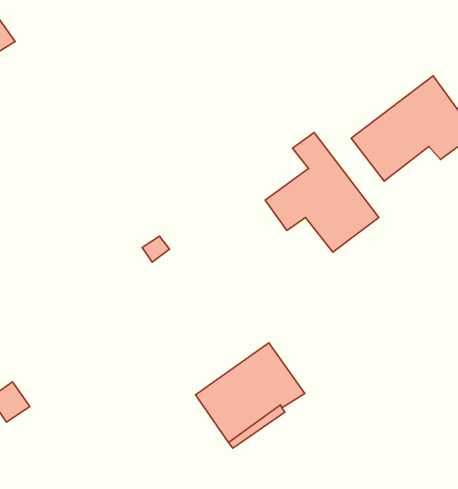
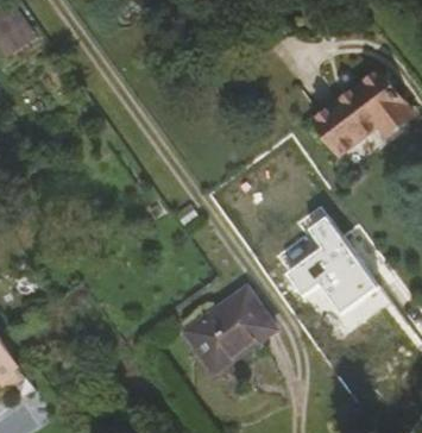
building: [265,132,379,252] -> [285,214,379,313]

